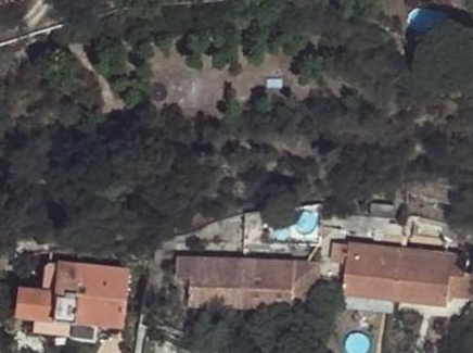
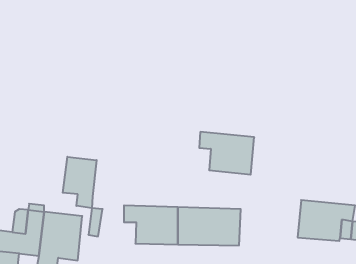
building: none -> [63,157,97,208]
building: [325,243,393,295] -> [199,132,254,175]

